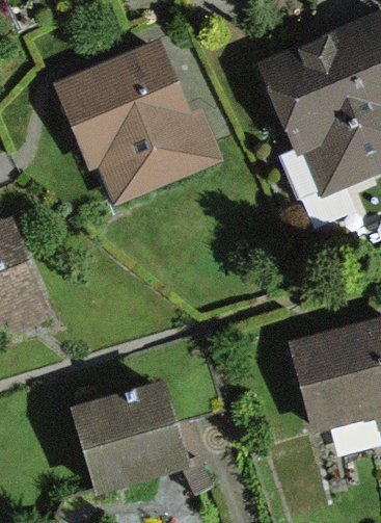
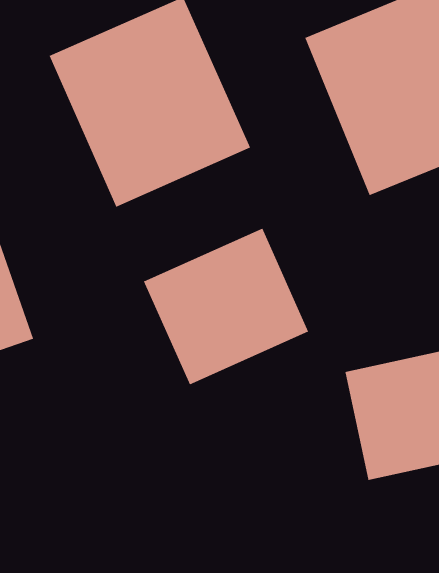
building: none -> [143,227,309,386]
building: [74,381,198,494] -> none

